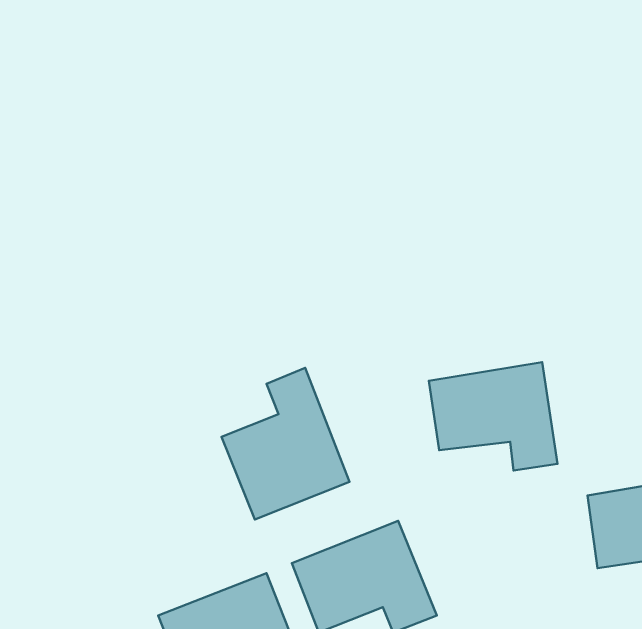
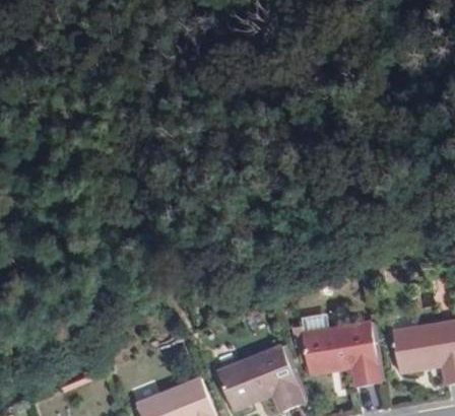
building: [429,362,557,470] -> [303,321,380,386]
building: [222,368,349,519] -> none

